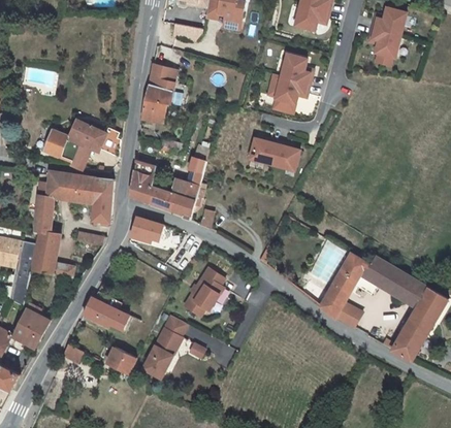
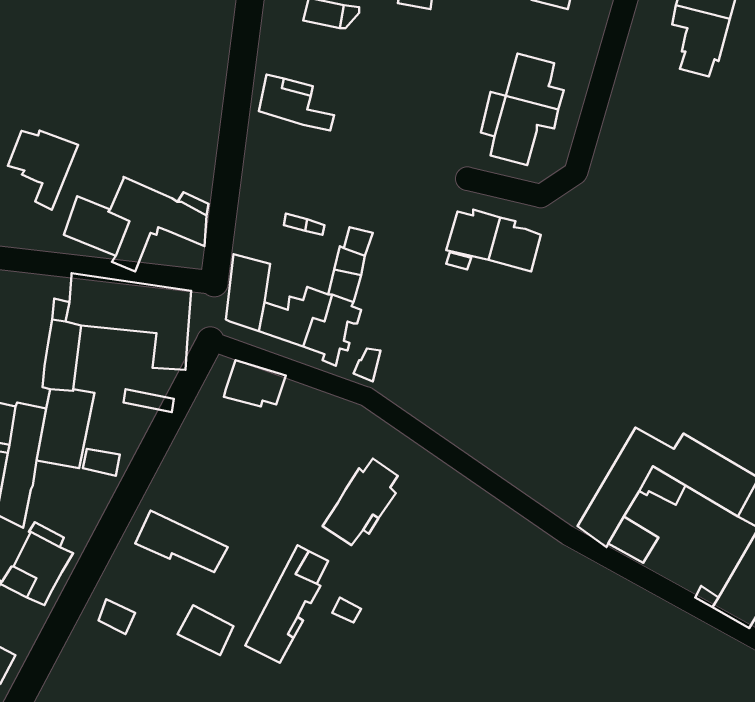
building: [141,84,172,121] -> none
building: none -> [8,130,78,210]

